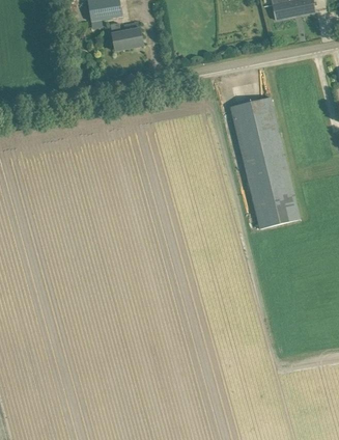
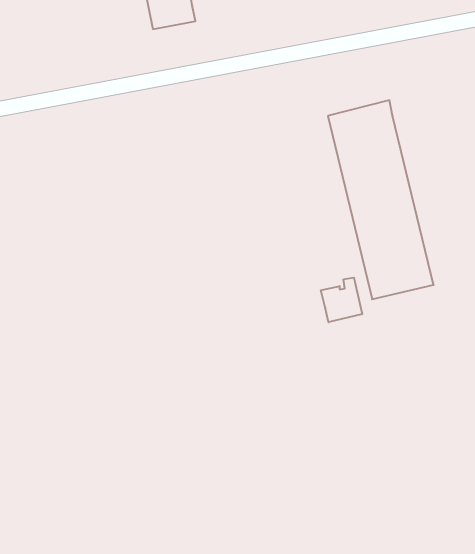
building: none -> [321,278,362,322]

